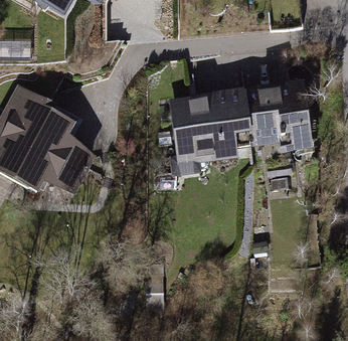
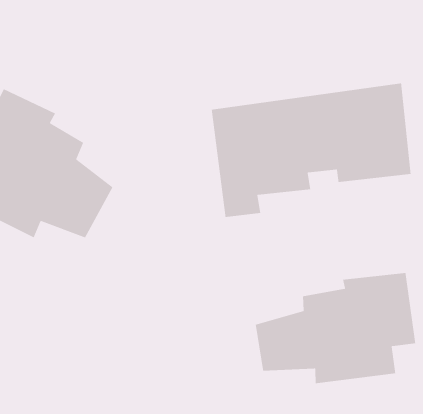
building: none -> [255,272,416,384]

